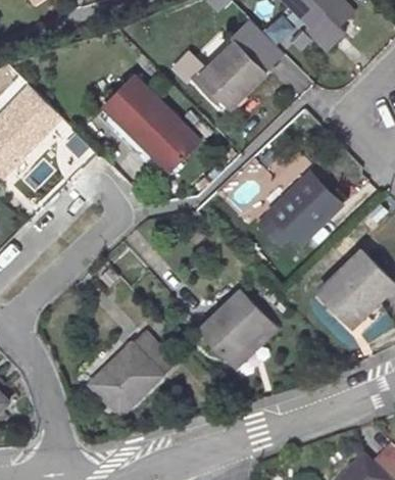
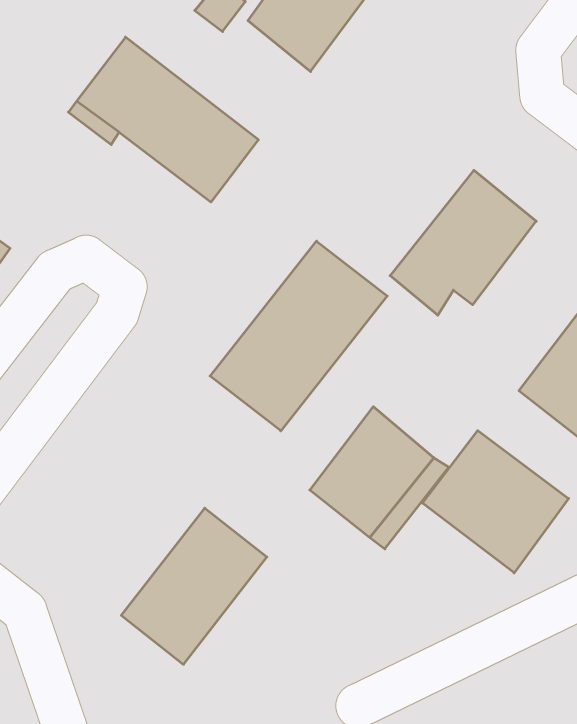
building: none -> [210,241,387,431]
building: none -> [423,431,569,573]

